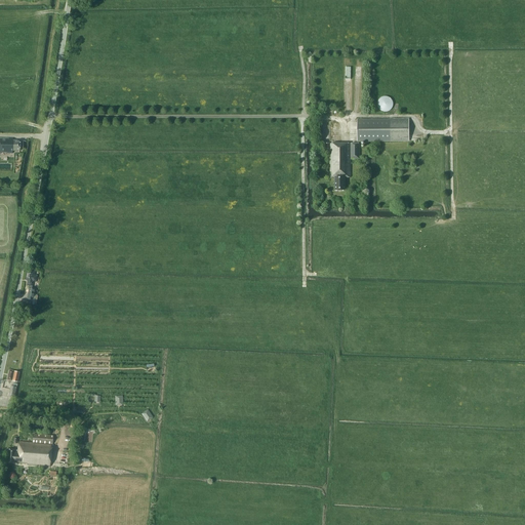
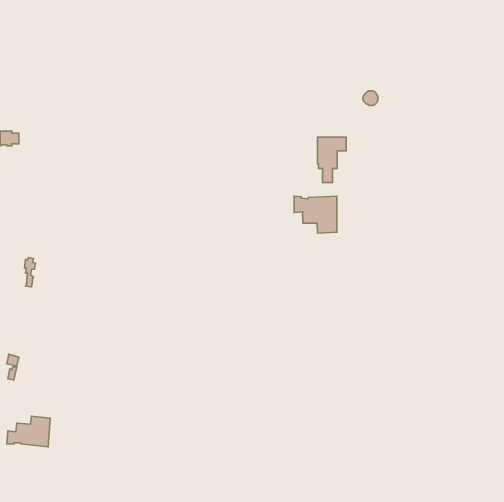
building: [357,117,409,139] -> none
building: none -> [294,196,337,233]

